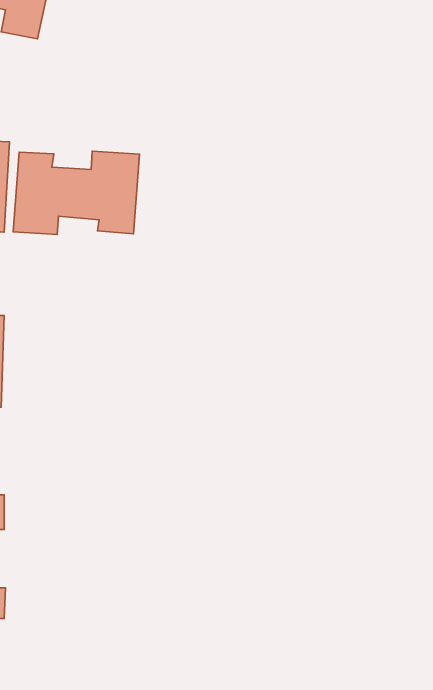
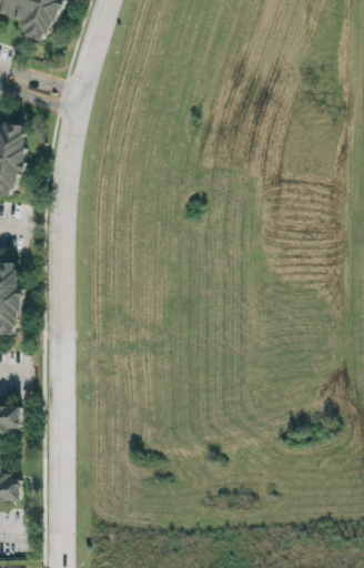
building: [13,151,139,235] -> none

